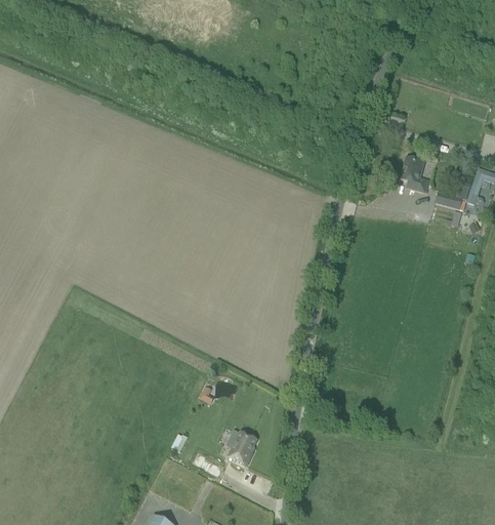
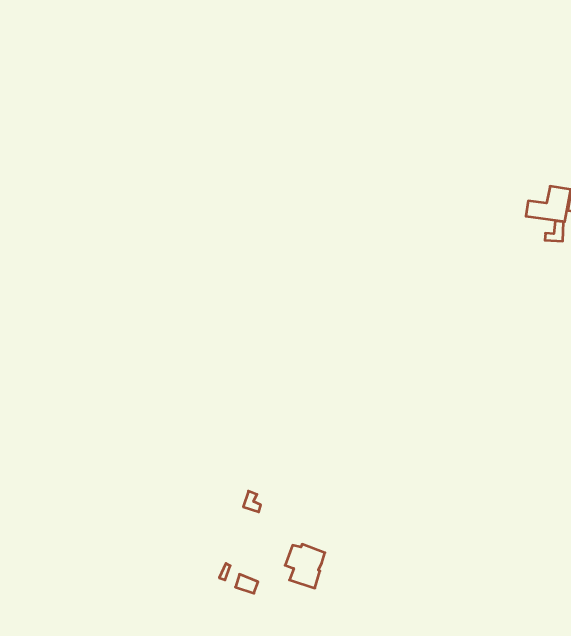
building: [400,157,429,193] -> none

